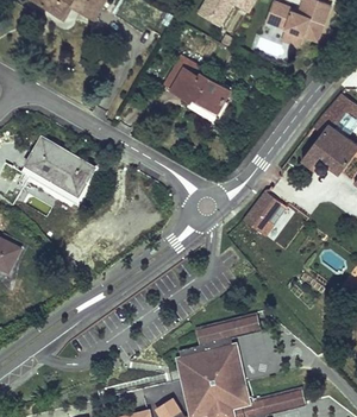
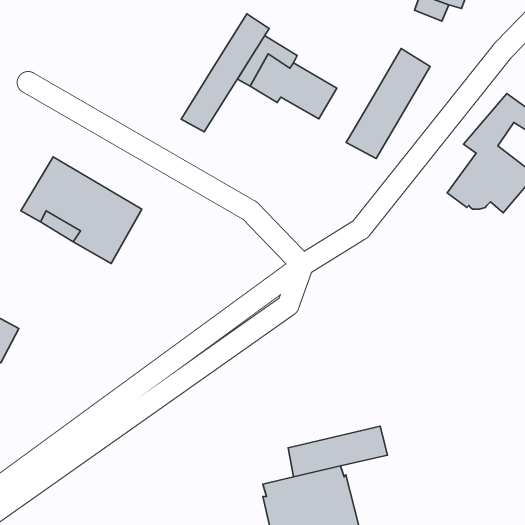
building: none -> [181,14,269,132]
building: none -> [346,49,430,158]
building: [243,190,281,235] -> none

